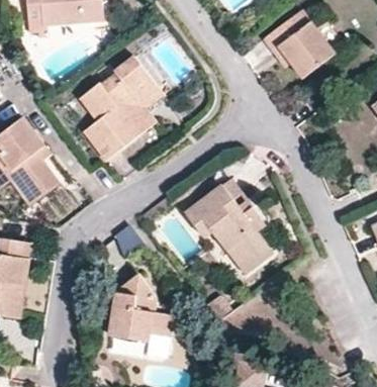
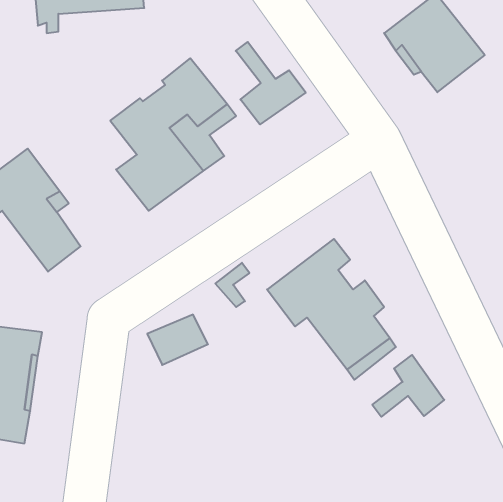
building: none -> [236,42,306,124]
building: none -> [372,355,444,417]
building: [111,281,173,346] -> none

